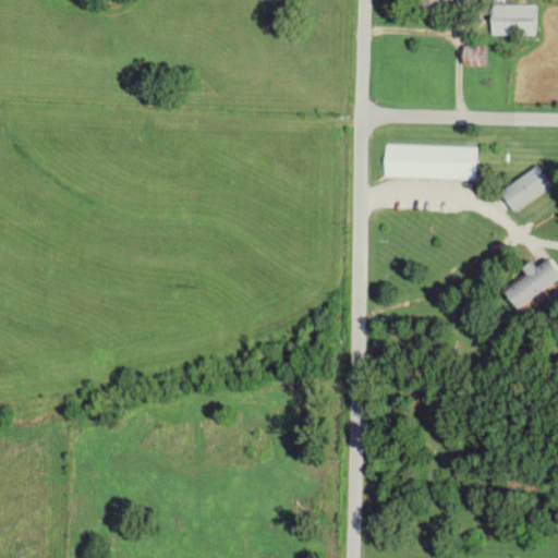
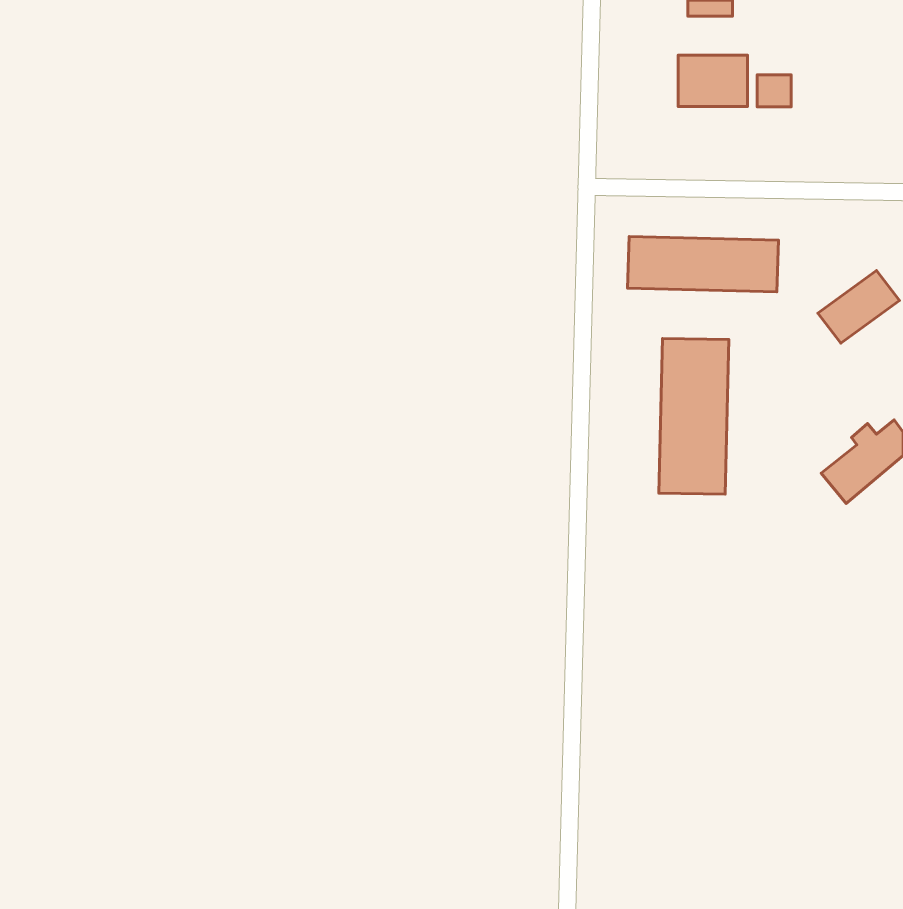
building: [493,4,535,36] -> [678,55,747,107]
building: none -> [659,339,729,494]

